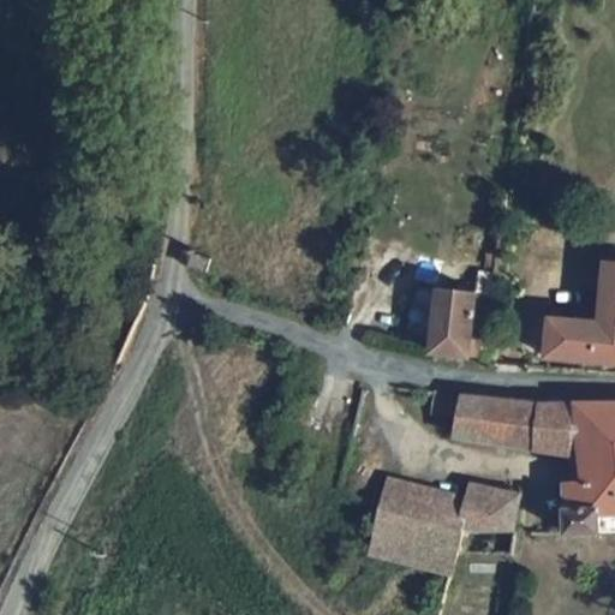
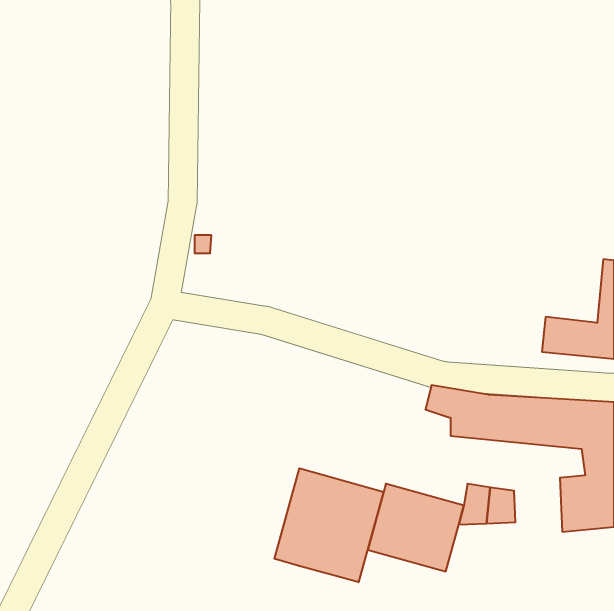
building: [428,269,474,359] -> none
building: none -> [274,468,383,582]

